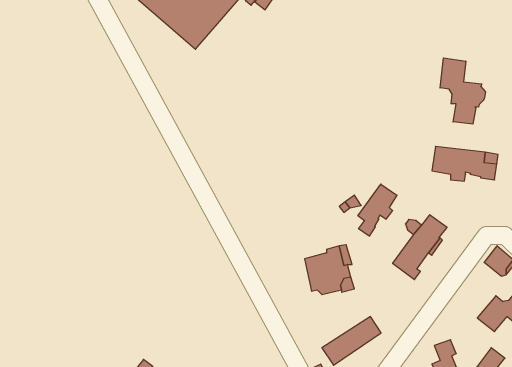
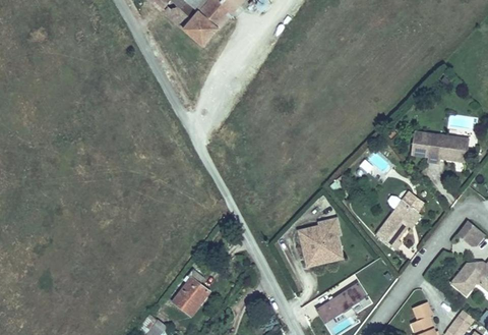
building: [440,58,486,124] -> none
building: [358,184,397,236] -> none
building: none -> [173,268,209,315]

